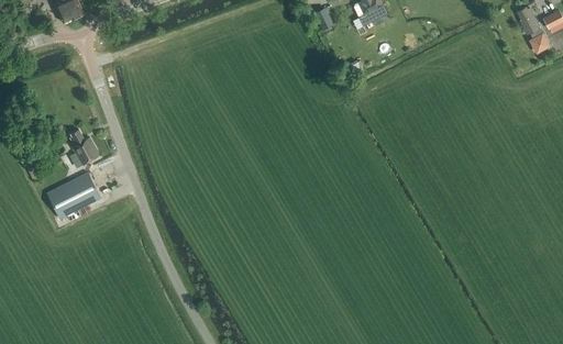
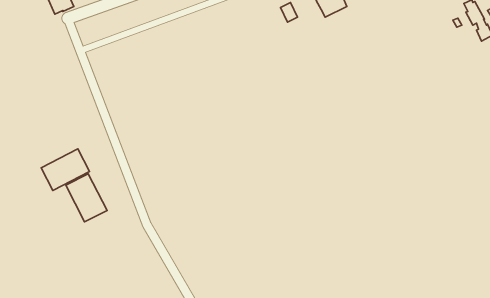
building: [70,129,100,164] -> none
building: none -> [66,174,107,222]

